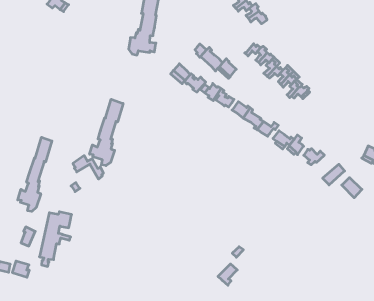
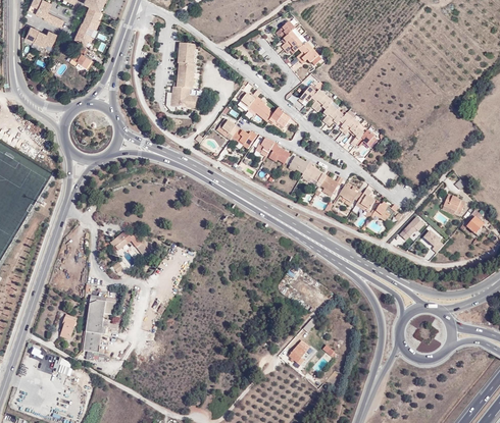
building: [90,99,123,166] -> none
building: [18,137,52,211] -> none

